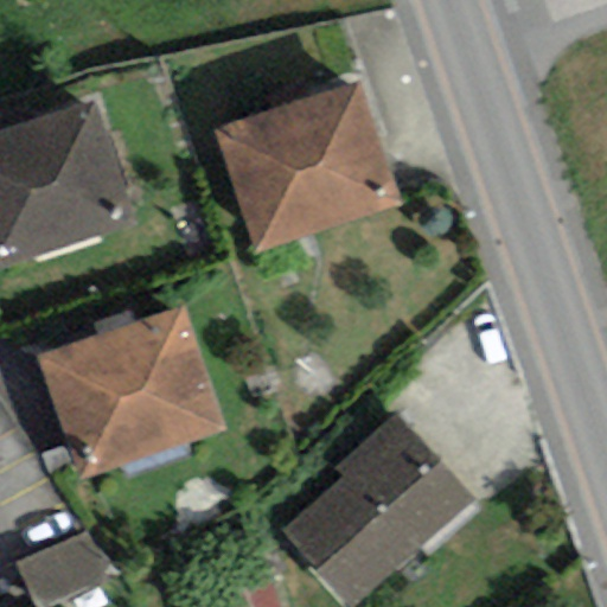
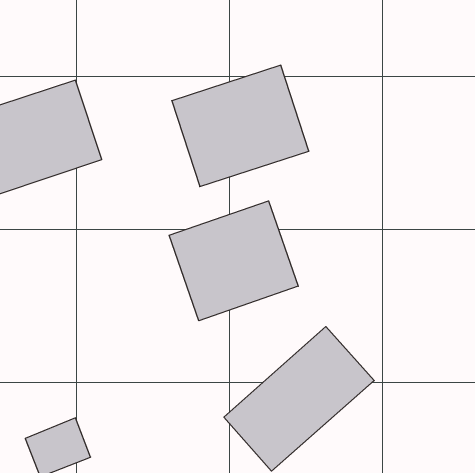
building: none -> [169,201,298,321]
building: [40,311,219,472] -> none

